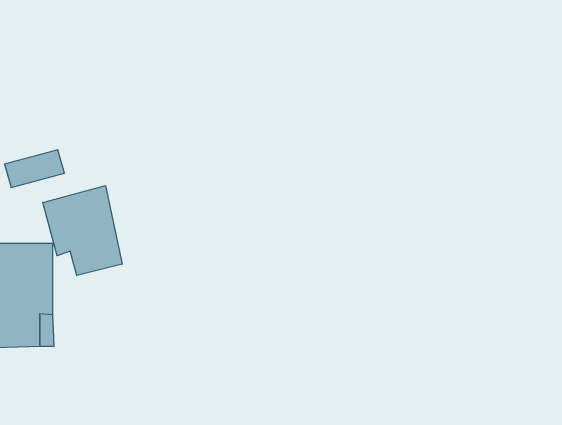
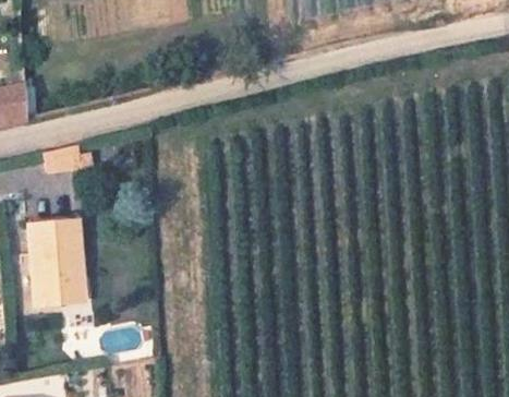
building: [43,186,122,276] -> none

